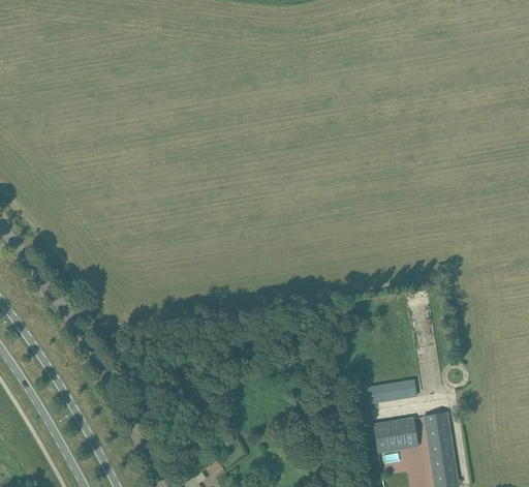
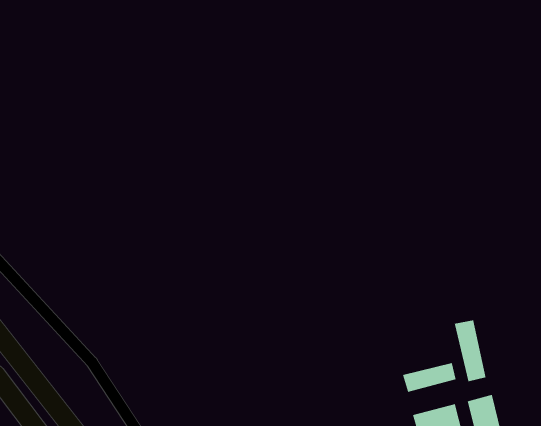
building: none -> [454,320,486,382]

